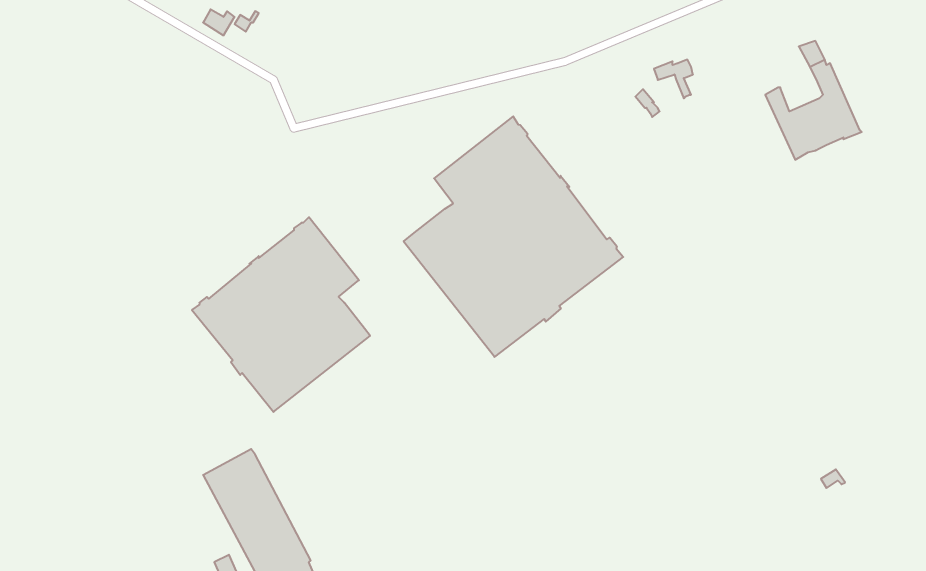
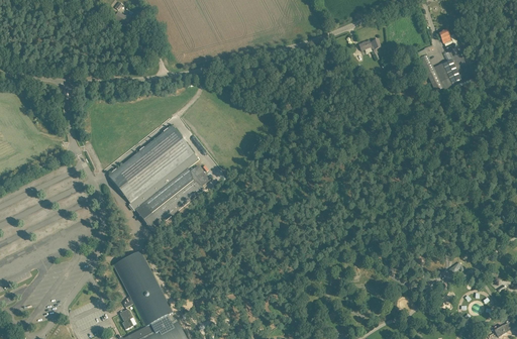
building: [404,116,623,357] -> none

